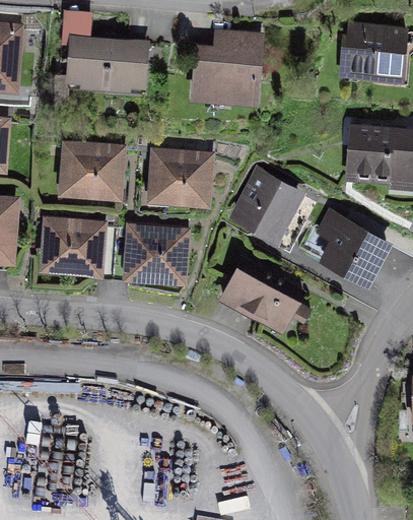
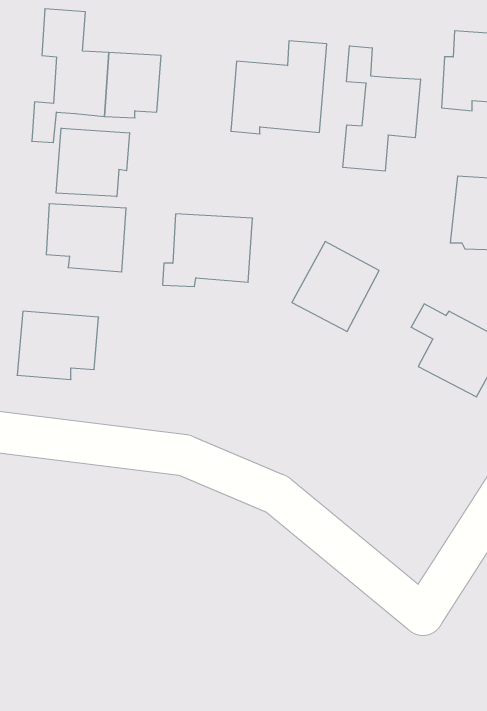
building: none -> [343,46,420,171]
building: none -> [56,128,130,197]
building: [129,229,185,276] -> none
building: [223,258,302,329] -> none

